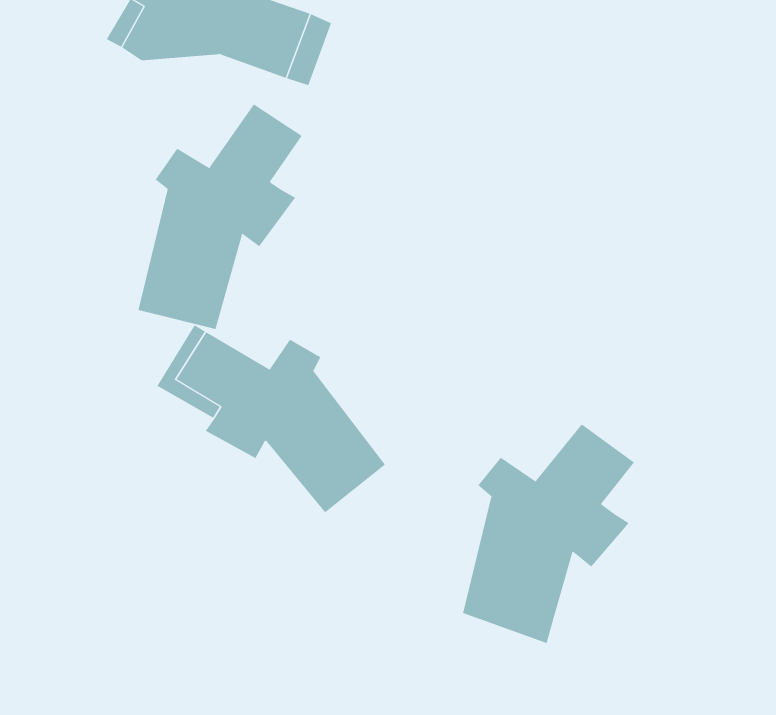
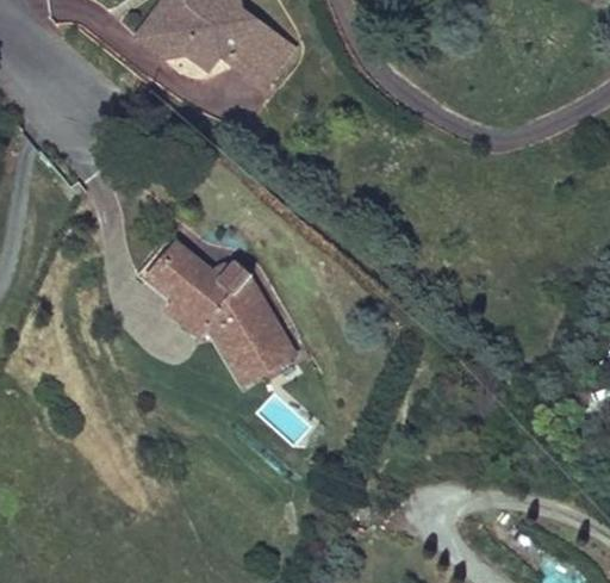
building: [138,104,302,330] -> none
building: [462,423,635,644] -> none

